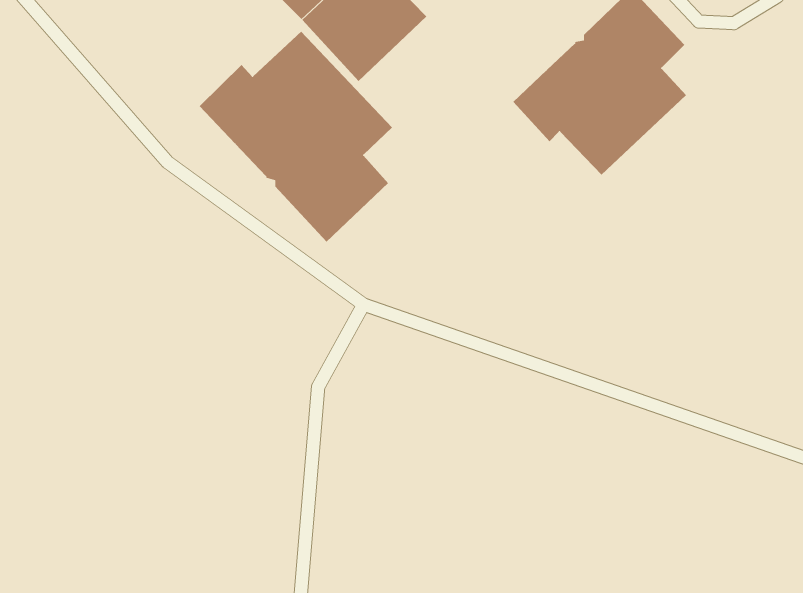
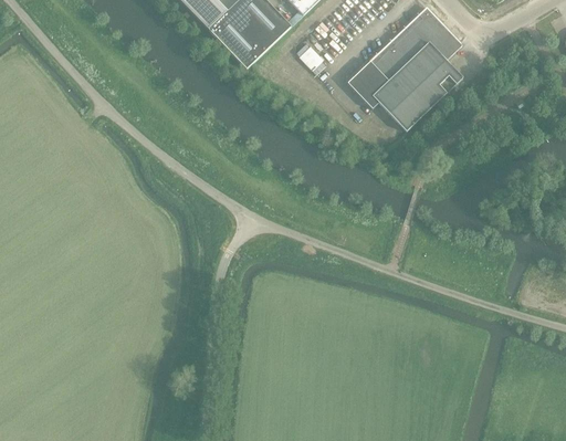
building: [199,31,393,243] -> none

